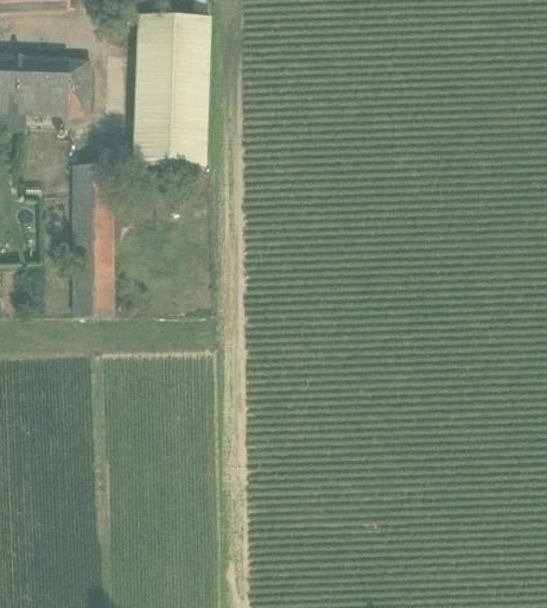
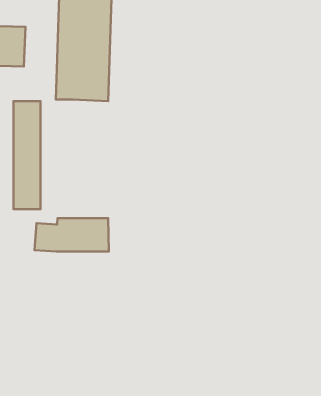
building: none -> [35,218,109,251]

